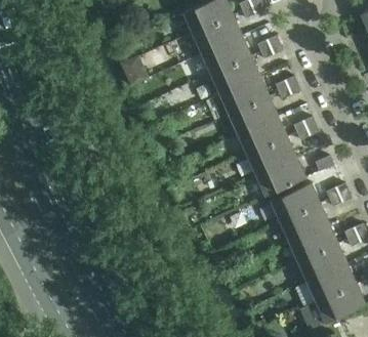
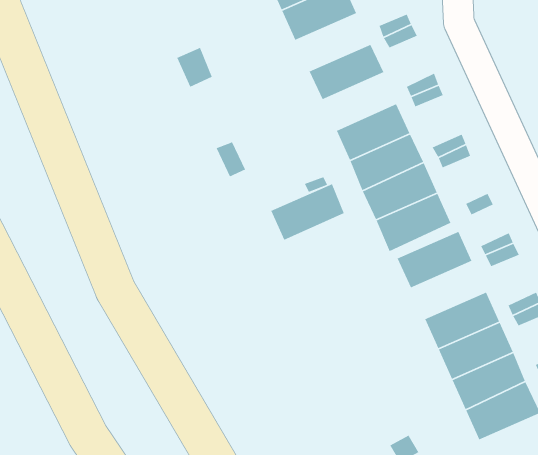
building: [200,35,251,74] -> none
building: [218,75,269,114] -> [270,183,345,241]
building: [278,202,329,241] -> none

